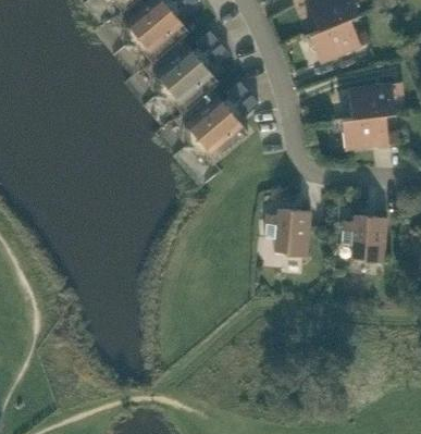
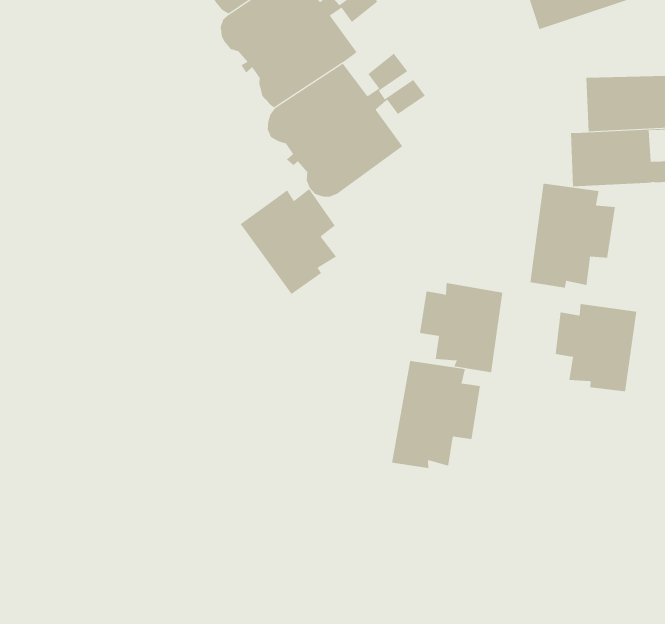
building: none -> [530,183,615,288]
building: none -> [240,188,337,295]
building: none -> [392,360,481,469]

